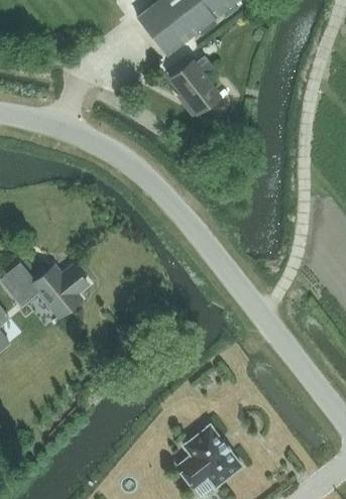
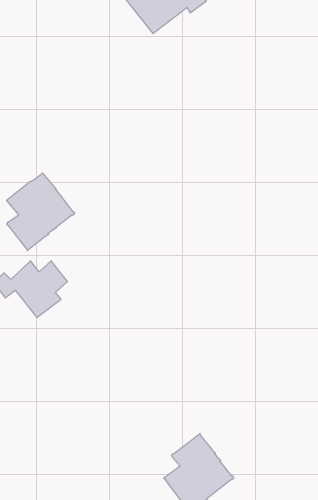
building: [169,63,219,116] -> none
building: none -> [7,173,75,251]

